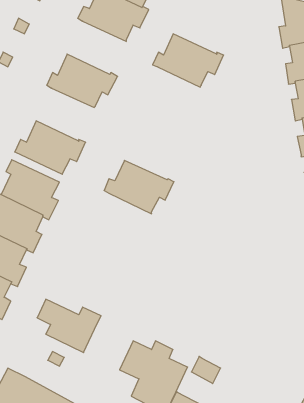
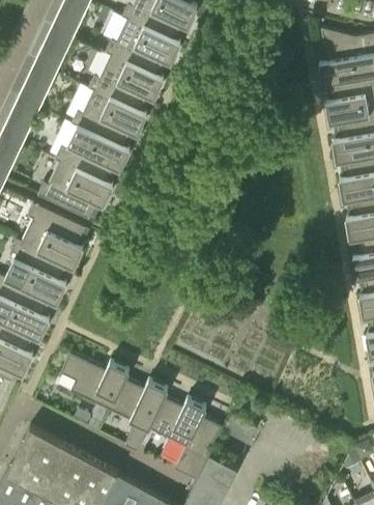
building: [153,34,224,87] -> [88,56,164,113]
building: [104,160,174,214] -> [55,128,130,185]
building: none -> [111,380,168,451]

